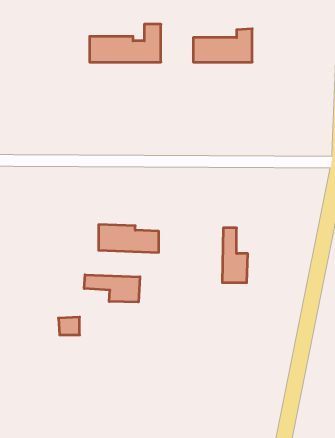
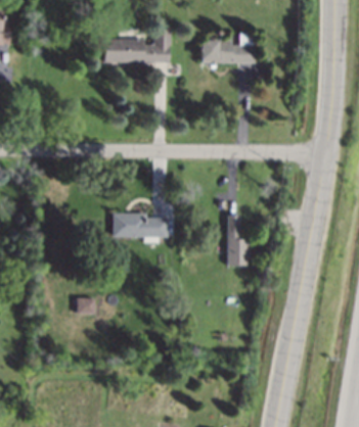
building: [84,275,140,302] -> none

